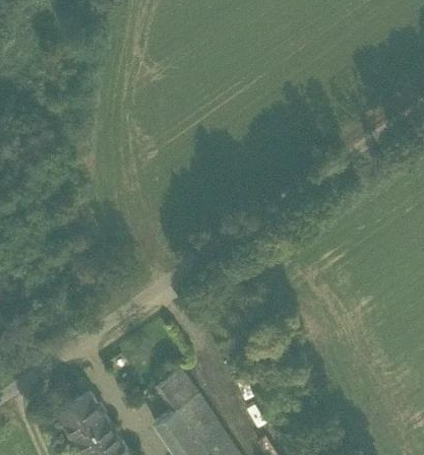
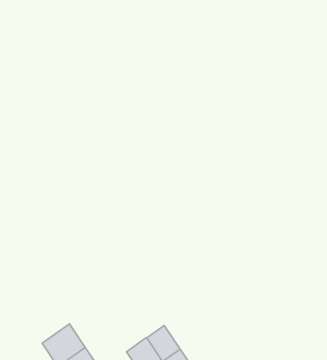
building: [159,368,197,407] -> none

